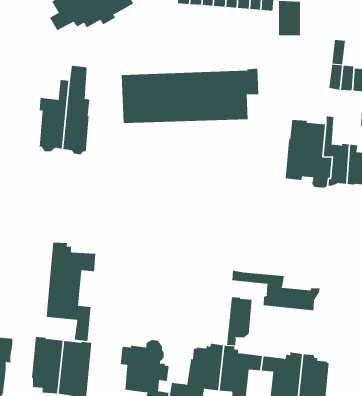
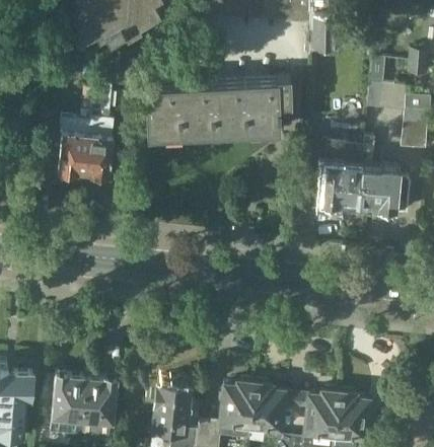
building: [46,242,96,342] -> none
building: [232,270,320,311] -> none
building: [226,296,252,346] -> none

